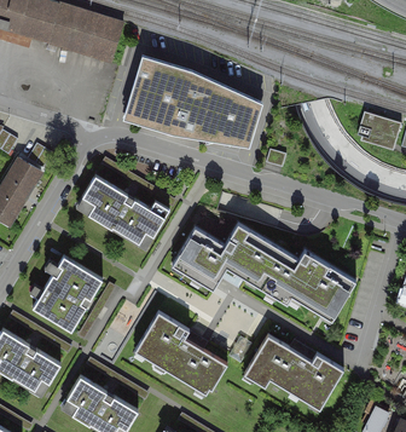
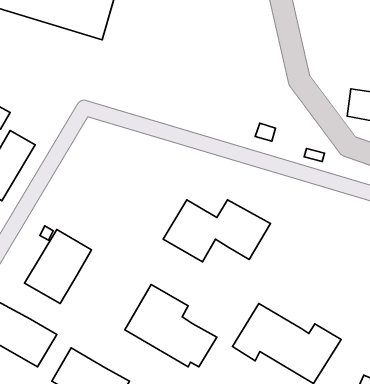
building: [123,54,263,146] -> none
building: [75,177,166,253] -> none
building: [260,250,344,315] -> none

